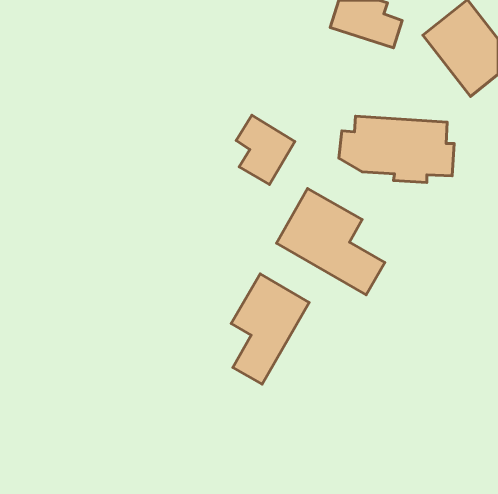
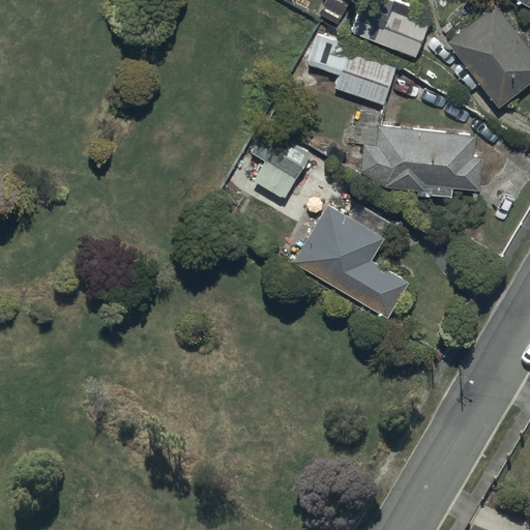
building: none -> [306,36,398,108]
building: [231,274,309,384] -> none

